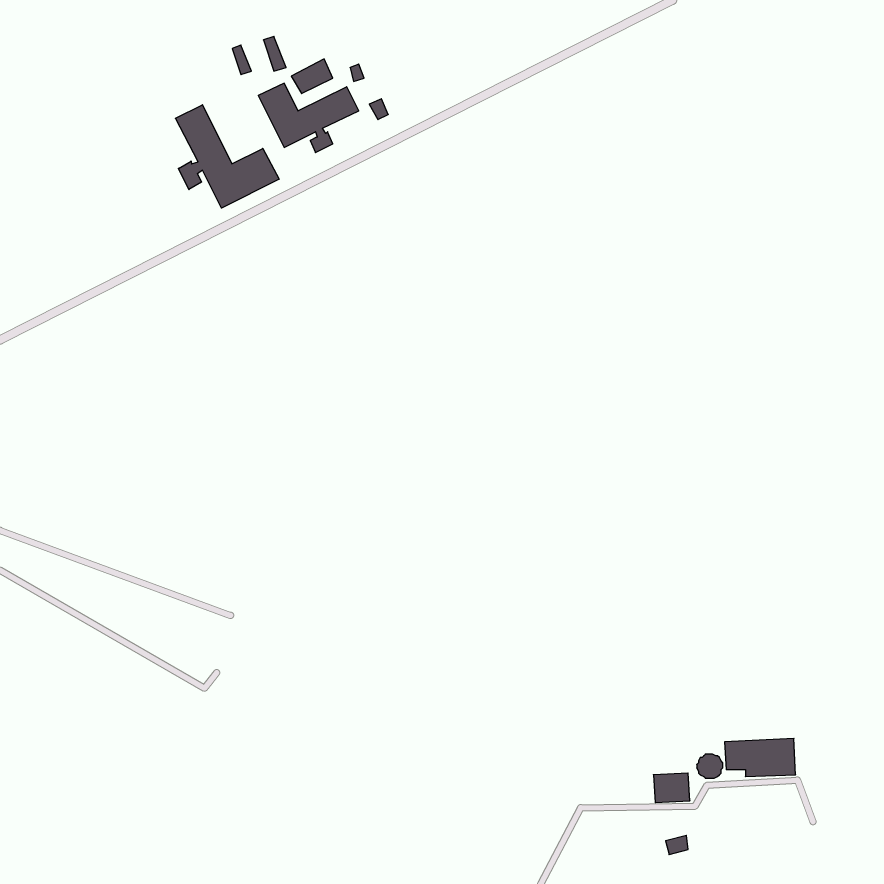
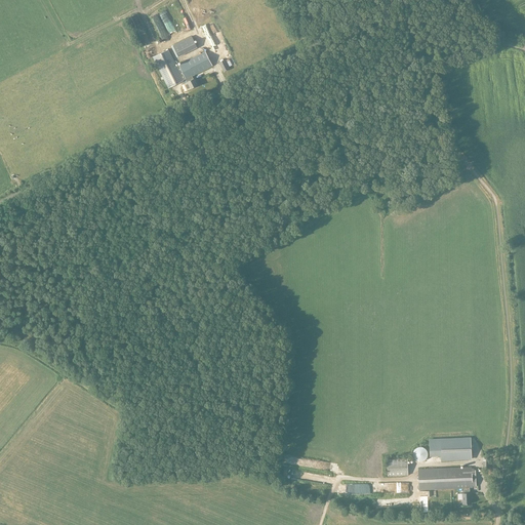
building: [175,105,279,208] -> none
building: none -> [419,467,473,503]

